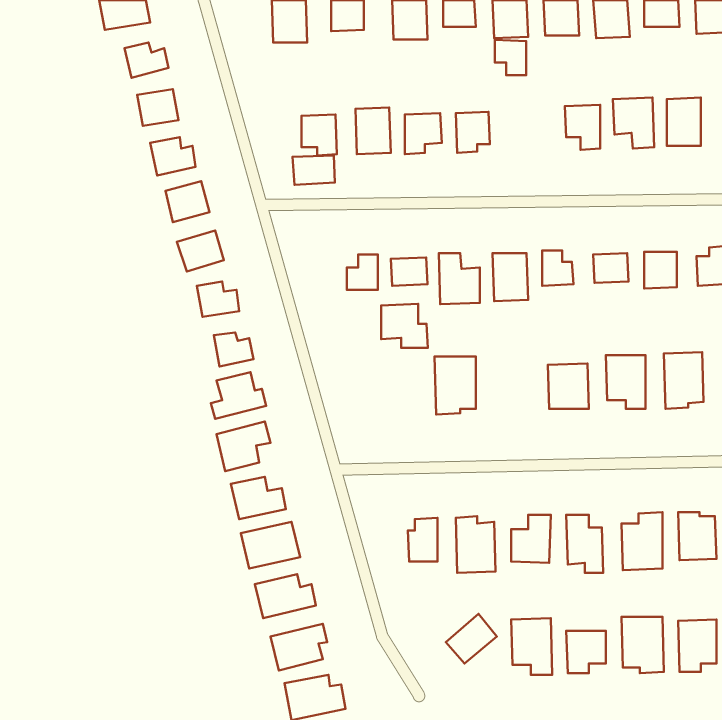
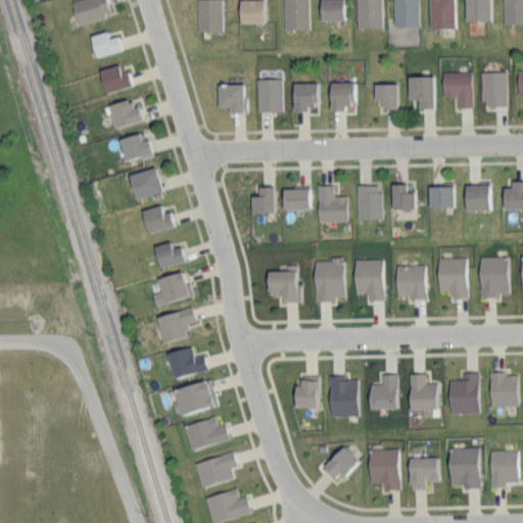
building: [495,40,526,75] -> [375,85,397,110]
building: [293,155,335,185] -> none
building: [381,304,428,348] -> [269,270,302,301]
building: none -> [354,259,383,300]

